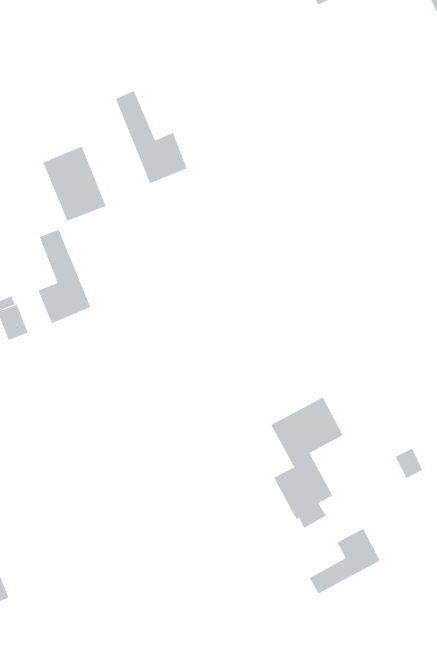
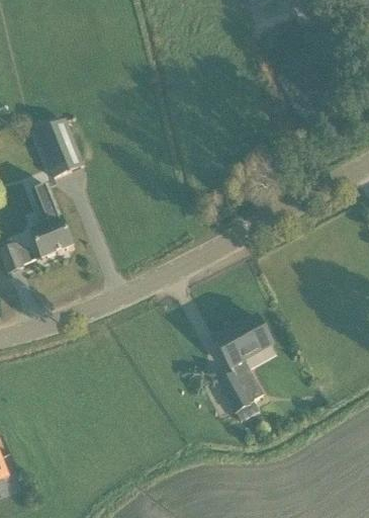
building: [115,90,188,184] -> none
building: [309,528,381,594] -> none

